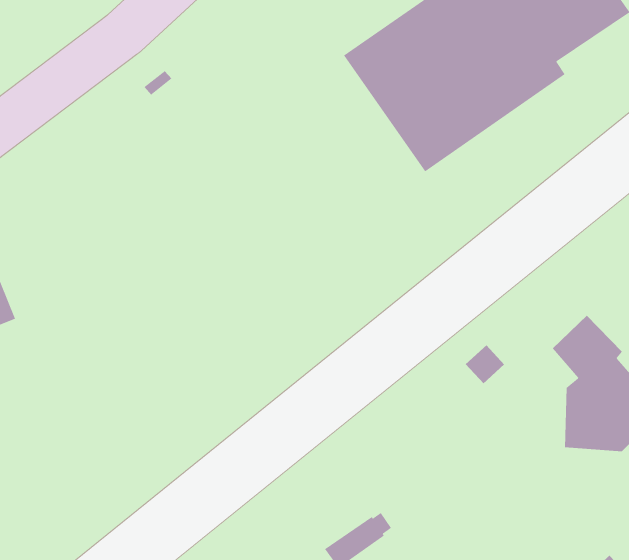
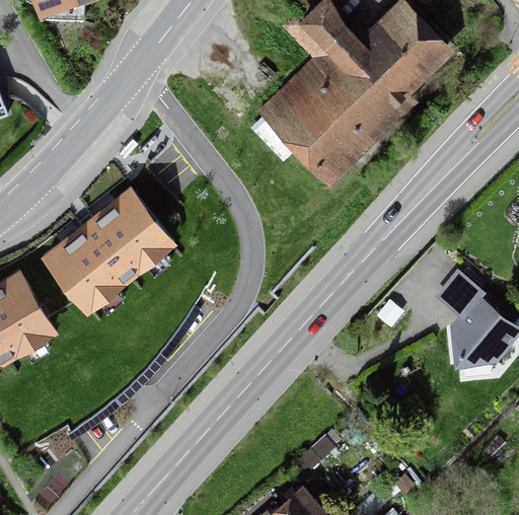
building: none -> [49,193,174,311]

